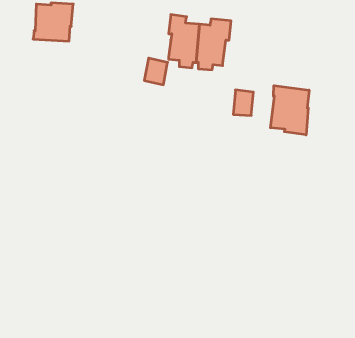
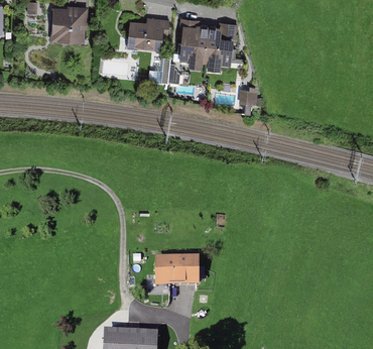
building: none -> [126,18,169,51]
building: [270,86,309,135] -> none
building: none -> [156,261,197,287]

